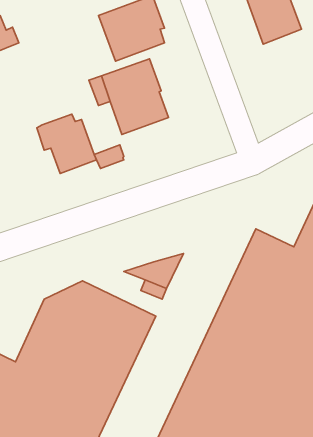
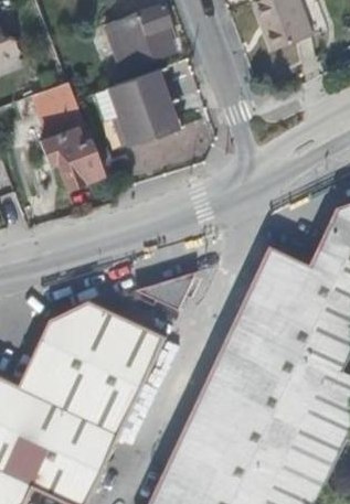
building: none -> [32,84,87,138]

